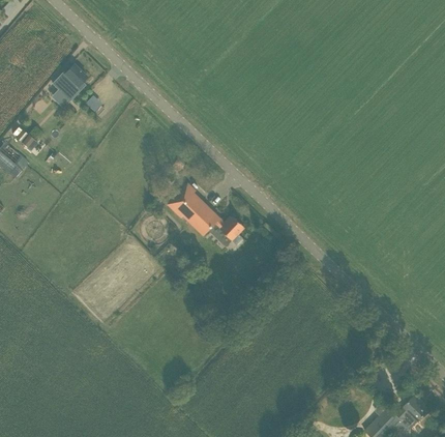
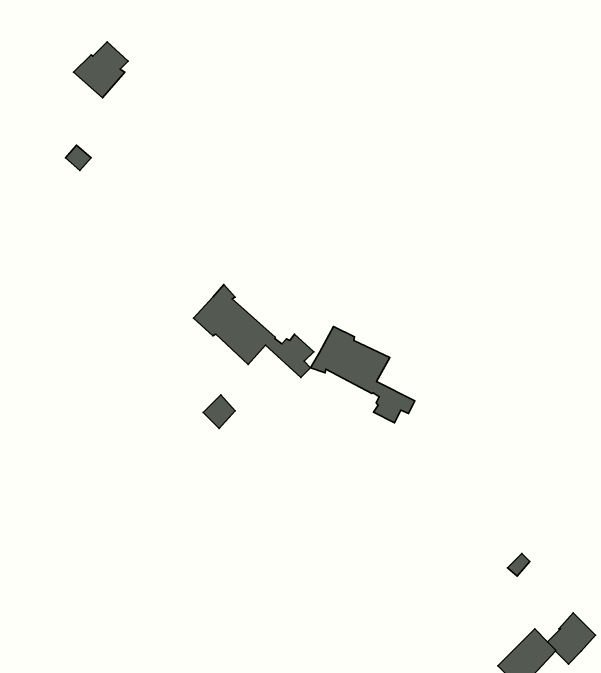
building: [52,64,87,100] -> [74,42,128,98]
building: none -> [311,326,415,423]

